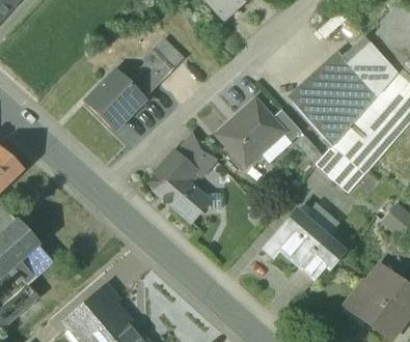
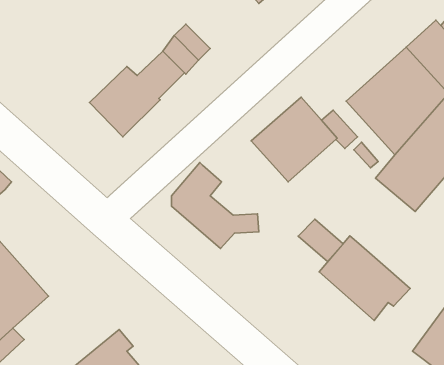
building: [175,133,216,176] -> none
building: [302,203,338,237] -> [298,219,343,262]

